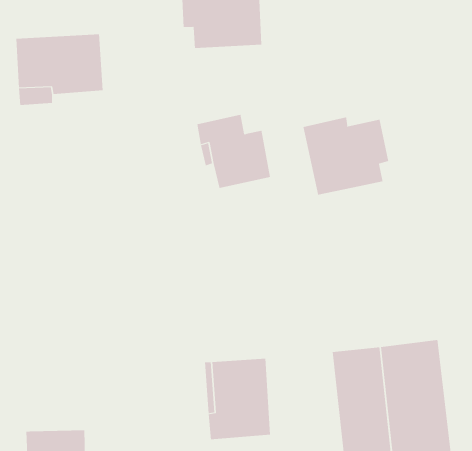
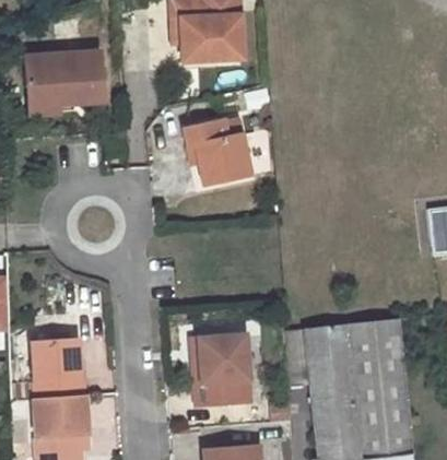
building: [303,116,389,196] -> none
building: none -> [36,342,86,399]

